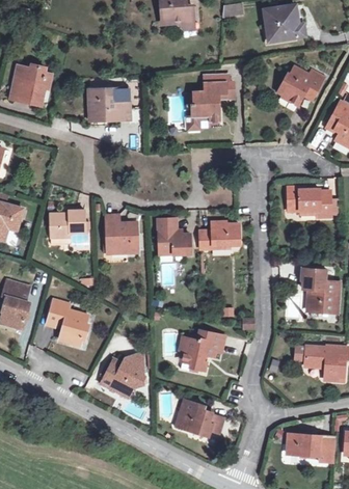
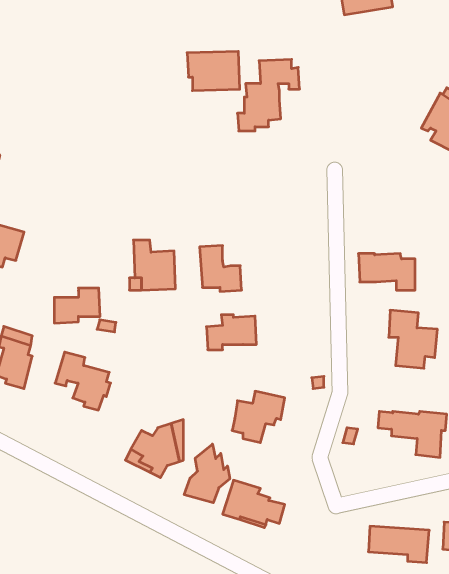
building: [14,64,51,104] -> none
building: [278,66,322,105] -> none
building: [89,89,130,119] -> [187,51,240,91]
building: [287,189,330,217] -> [358,254,415,290]
building: [50,210,85,237] -> [54,288,100,323]
building: [199,222,238,249] -> [206,315,256,350]
building: none -> [184,444,230,503]

